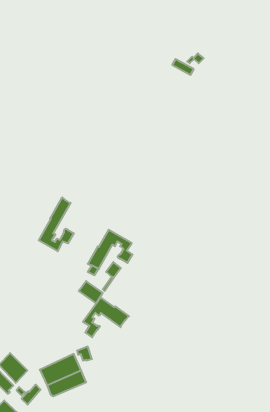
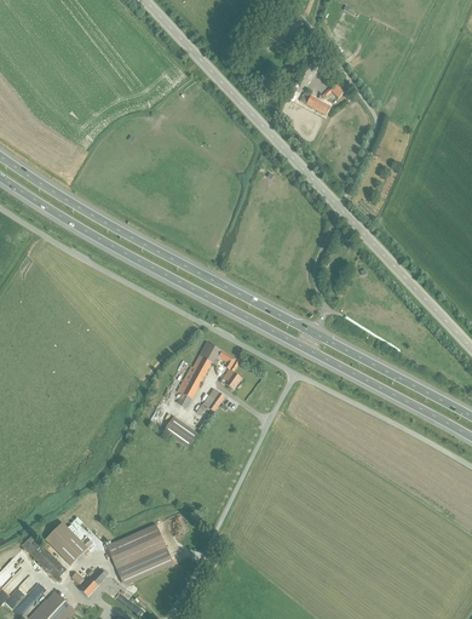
building: [39,197,74,251] -> none
building: [83,297,129,337] -> none

